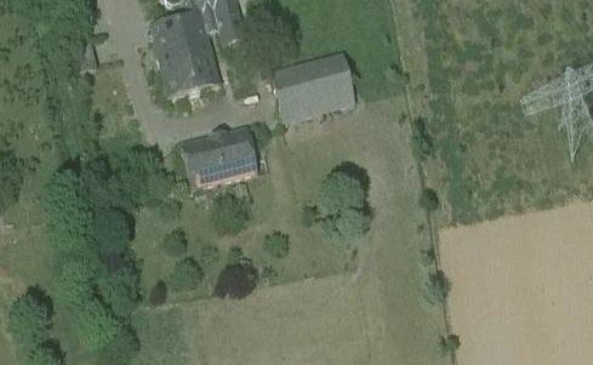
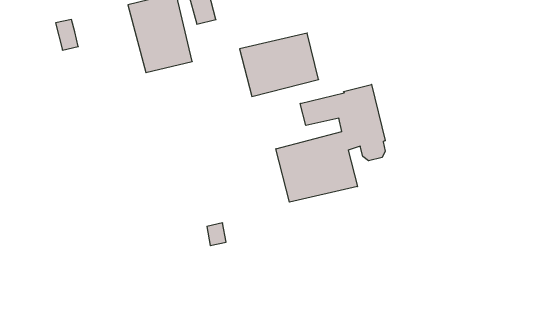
building: none -> [276,84,385,202]
building: [179,129,257,189] -> none

